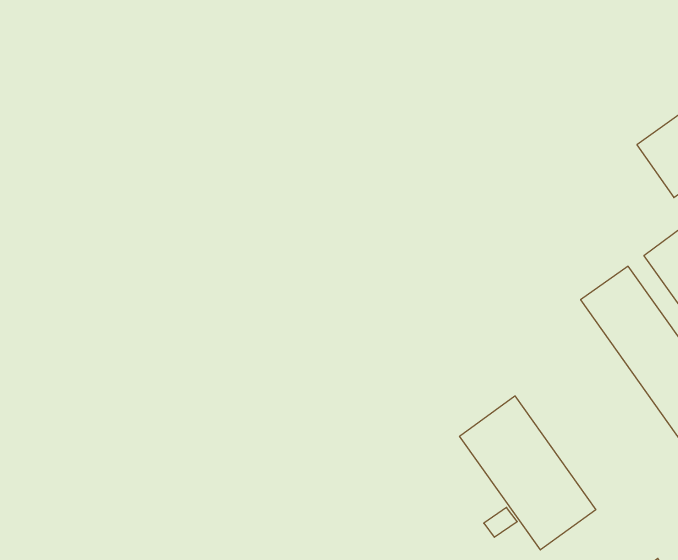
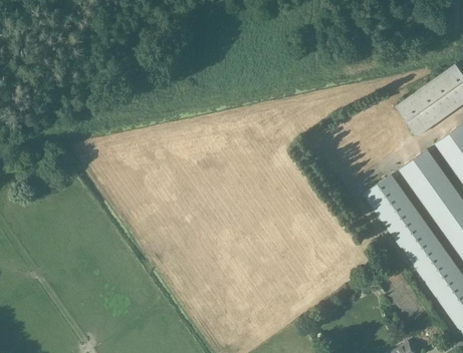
building: [460,396,596,550] -> none

